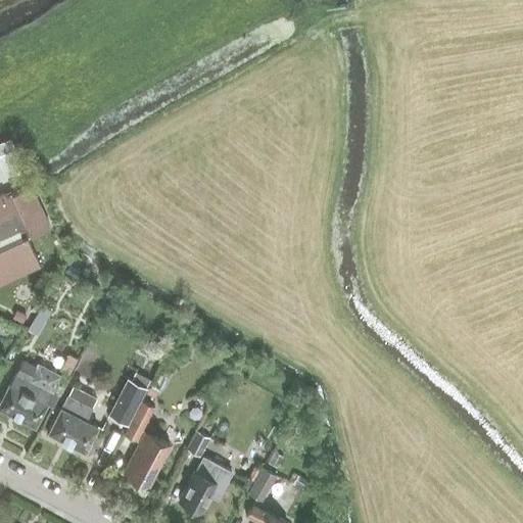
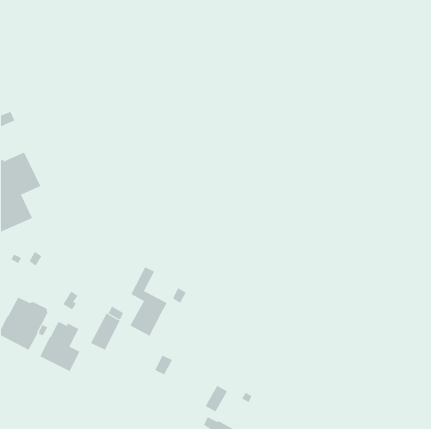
building: [124,401,170,486] -> [130,266,167,336]
building: [179,458,232,514] -> none

